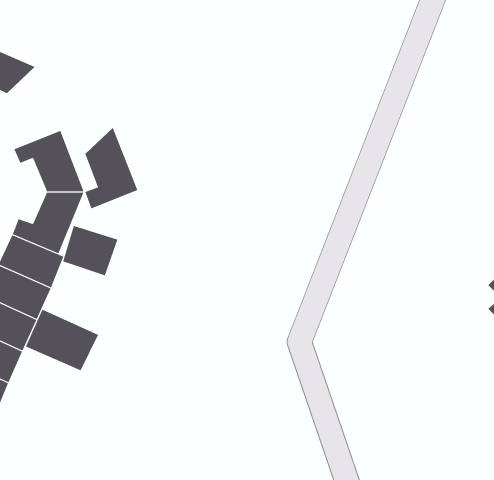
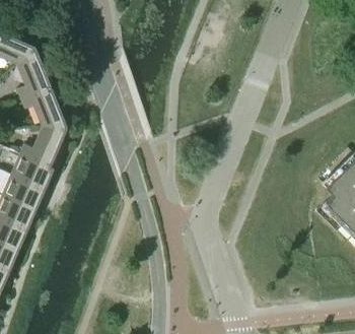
building: [85,127,138,209] -> [16,47,51,99]
building: [62,225,118,276] -> none
building: [25,309,99,371] -> none

